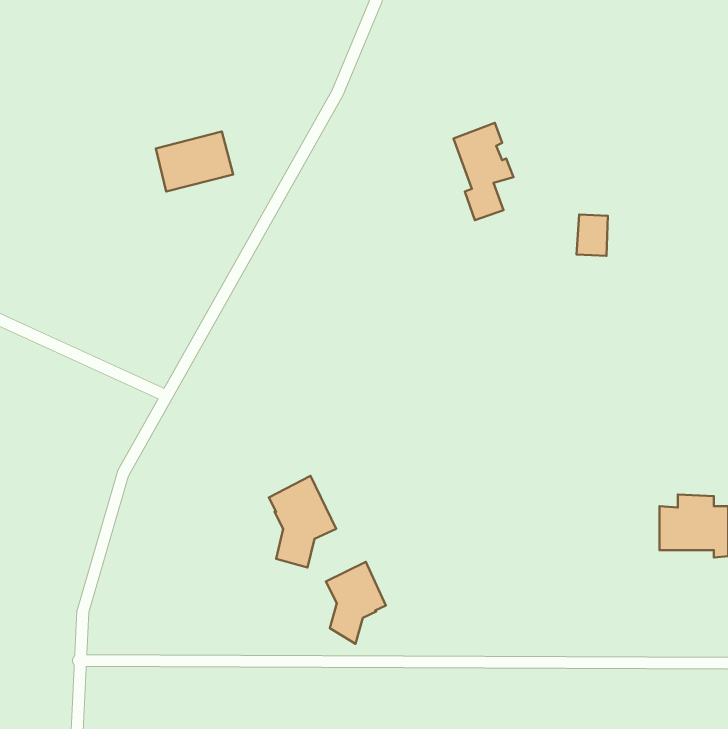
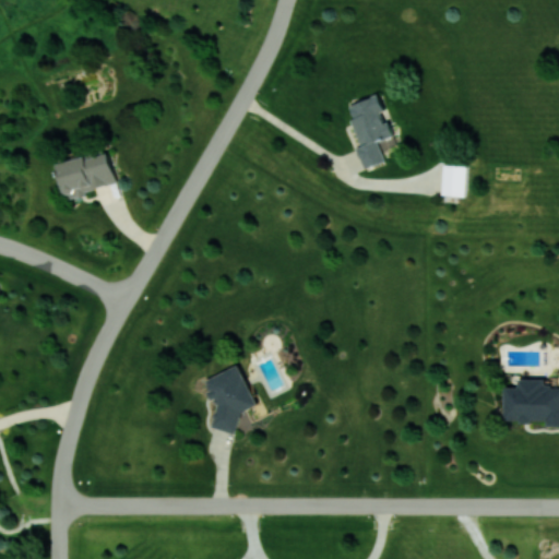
building: [156,131,233,191] -> [58,152,117,198]
building: [326,562,386,644] -> none

